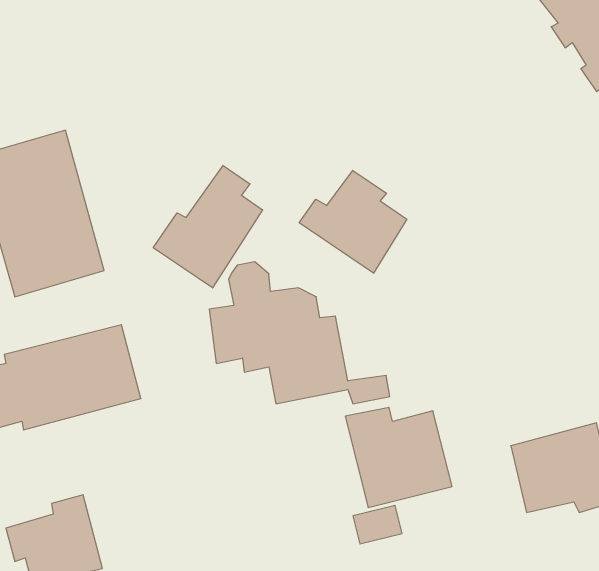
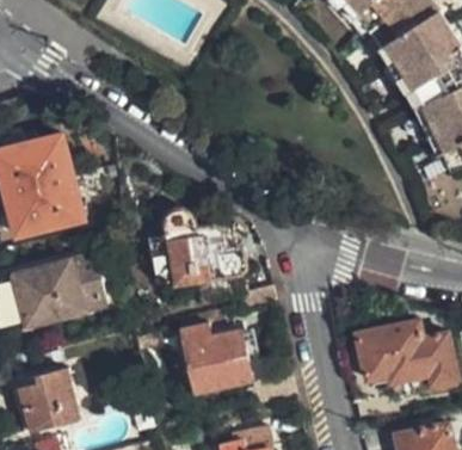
building: [153,166,263,288] -> none
building: [299,170,407,273] -> none
building: [345,407,452,507] -> [177,326,250,394]

